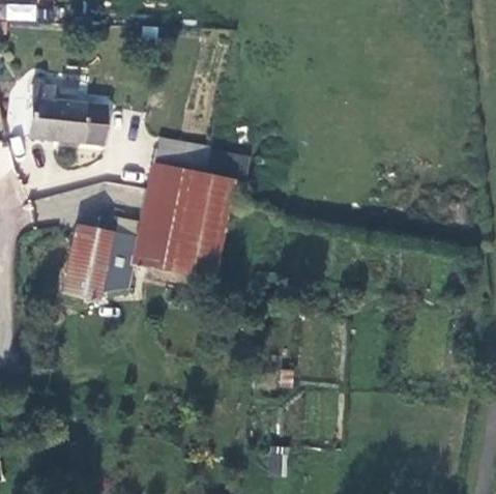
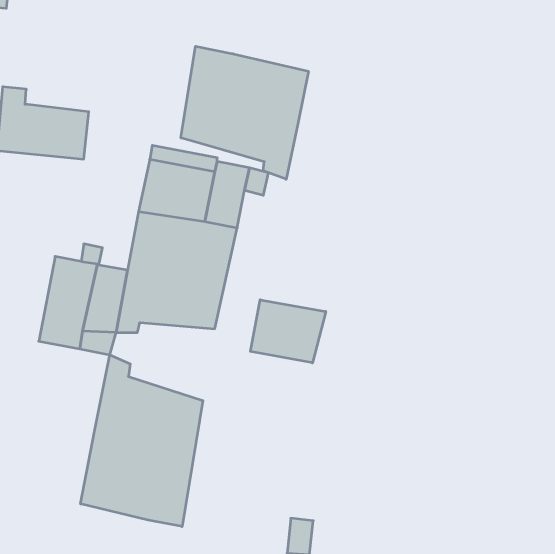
building: none -> [181,46,308,179]
building: none -> [250,300,326,363]
building: none -> [81,355,203,527]

